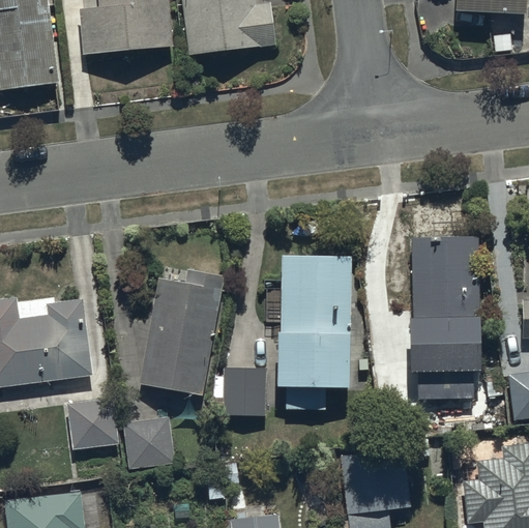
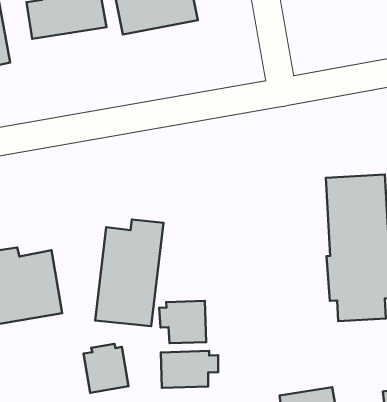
building: [275,259,351,411] -> none
building: [67,398,118,447] -> none
building: none -> [161,351,218,388]

